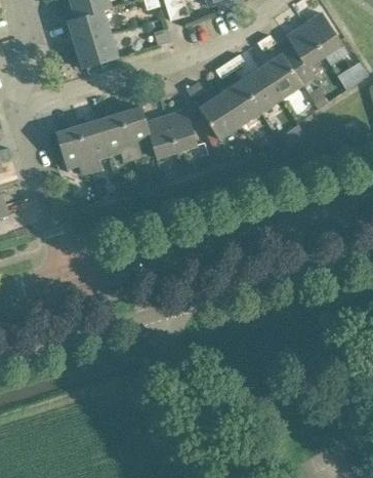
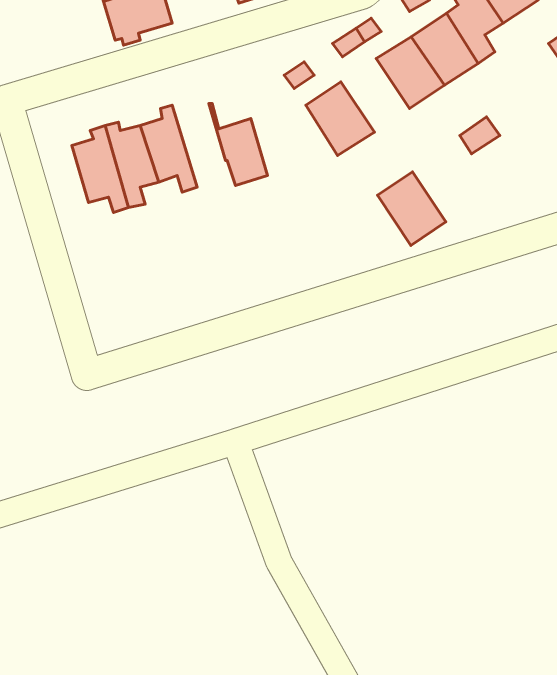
building: [221,80,263,125] -> [377,172,446,245]
building: [118,106,151,159] -> none
building: [166,110,198,152] -> none

